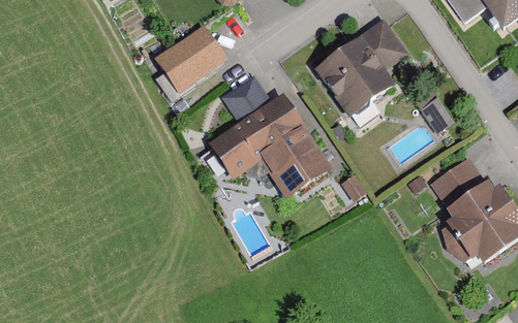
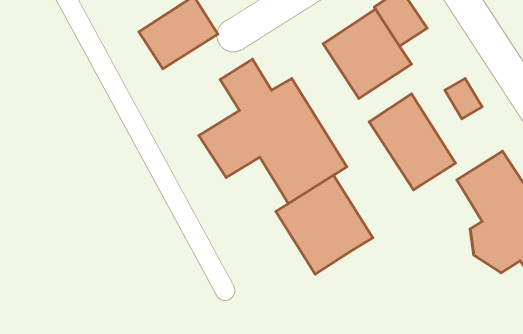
building: none -> [369,94,455,190]
building: none -> [276,175,373,274]

